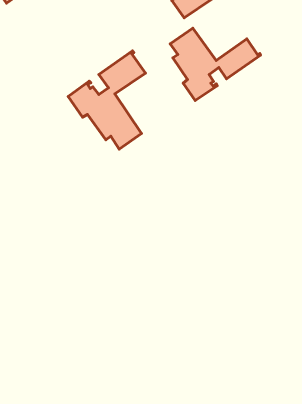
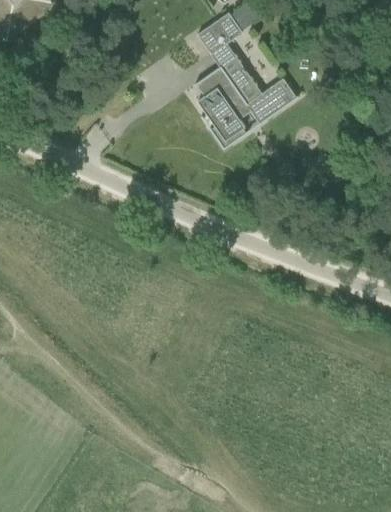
building: [68,51,146,149] -> none

